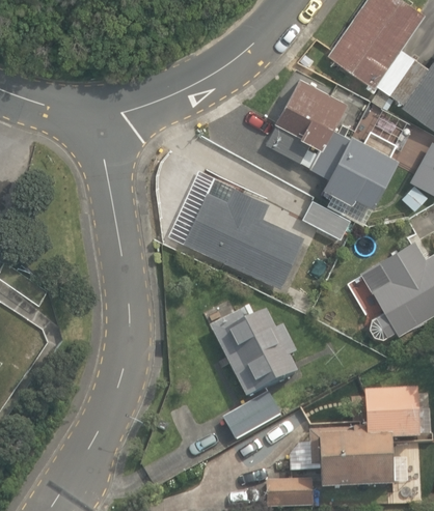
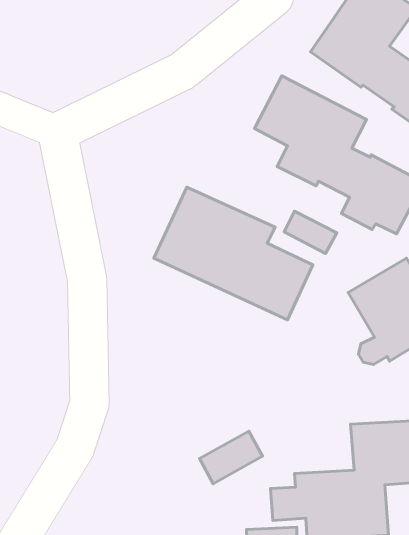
building: [212,316,297,403] -> none

